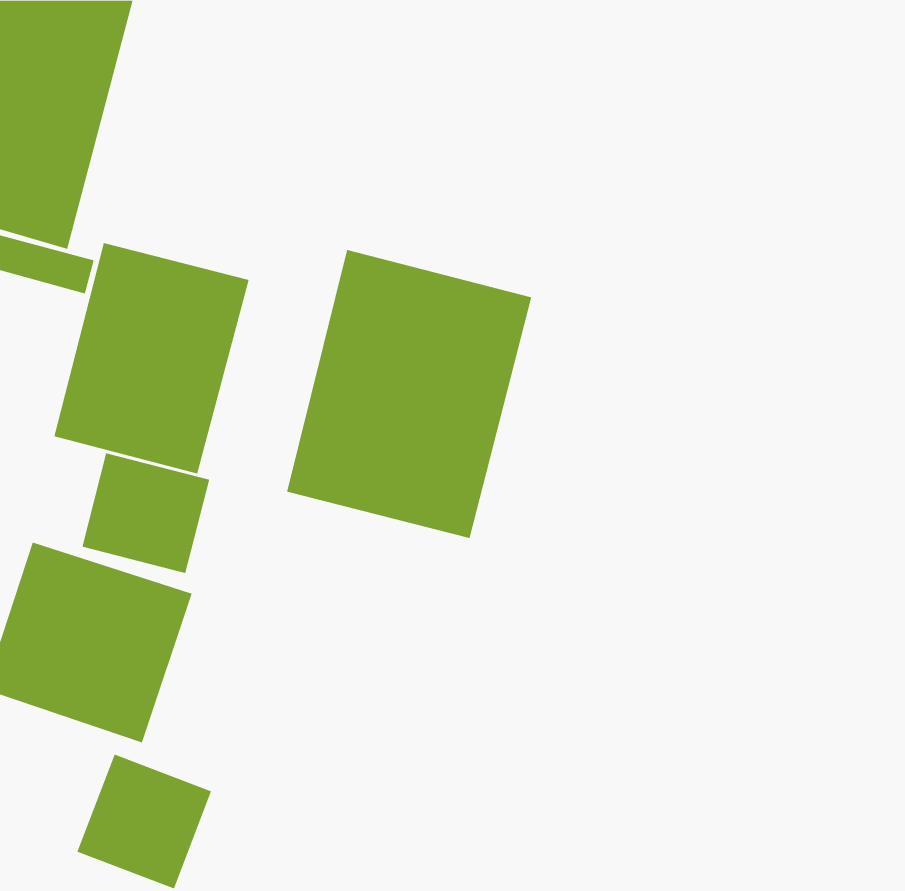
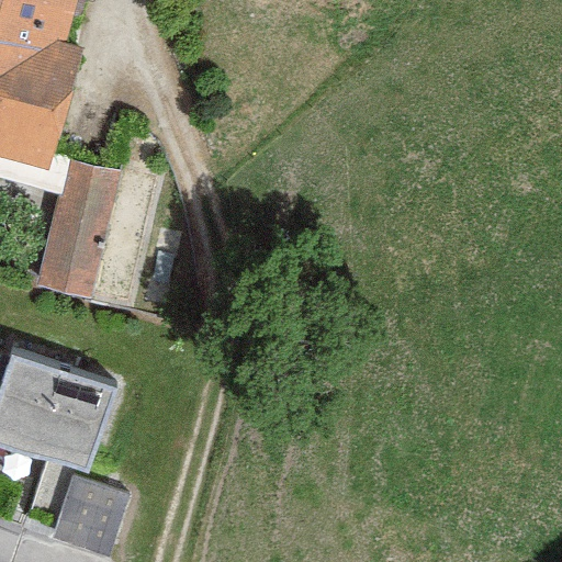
building: [287,249,532,539] -> none
building: [82,452,210,574] -> none

